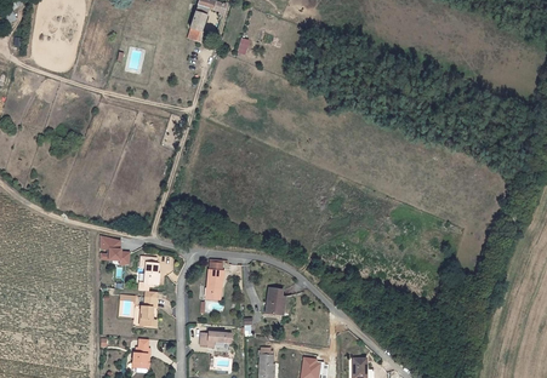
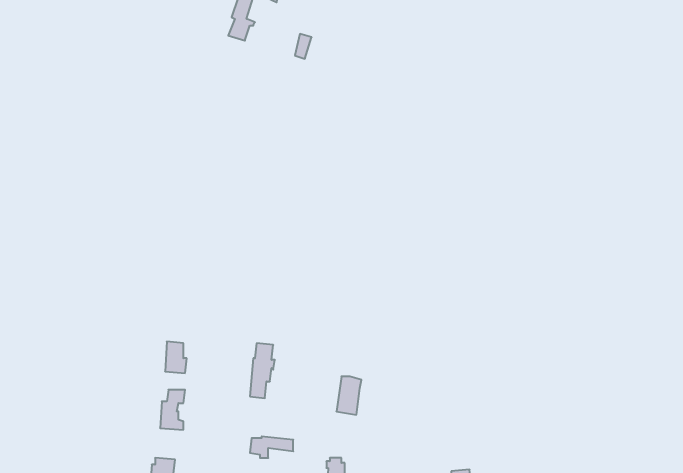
building: [98,237,129,265] -> none

